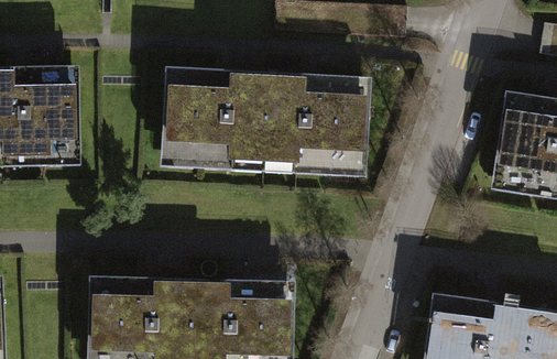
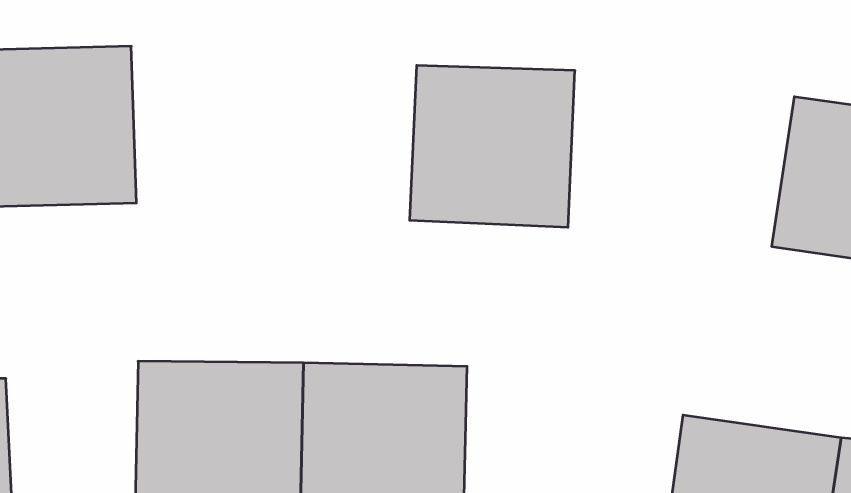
building: [161,72,265,174] -> none

